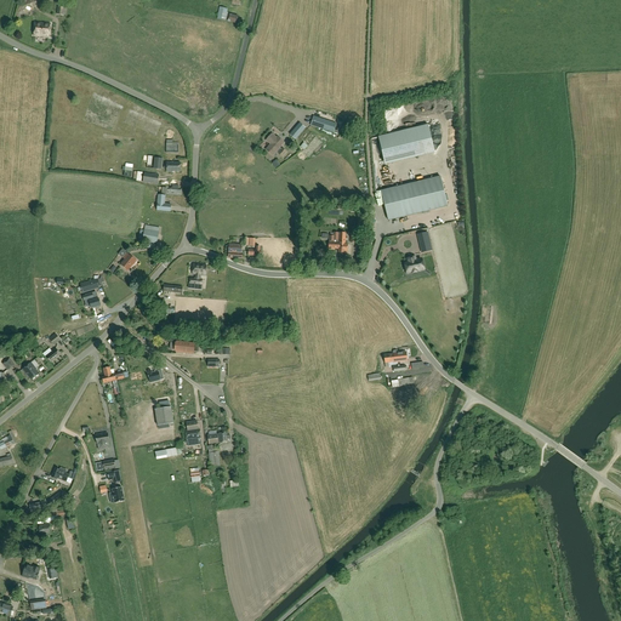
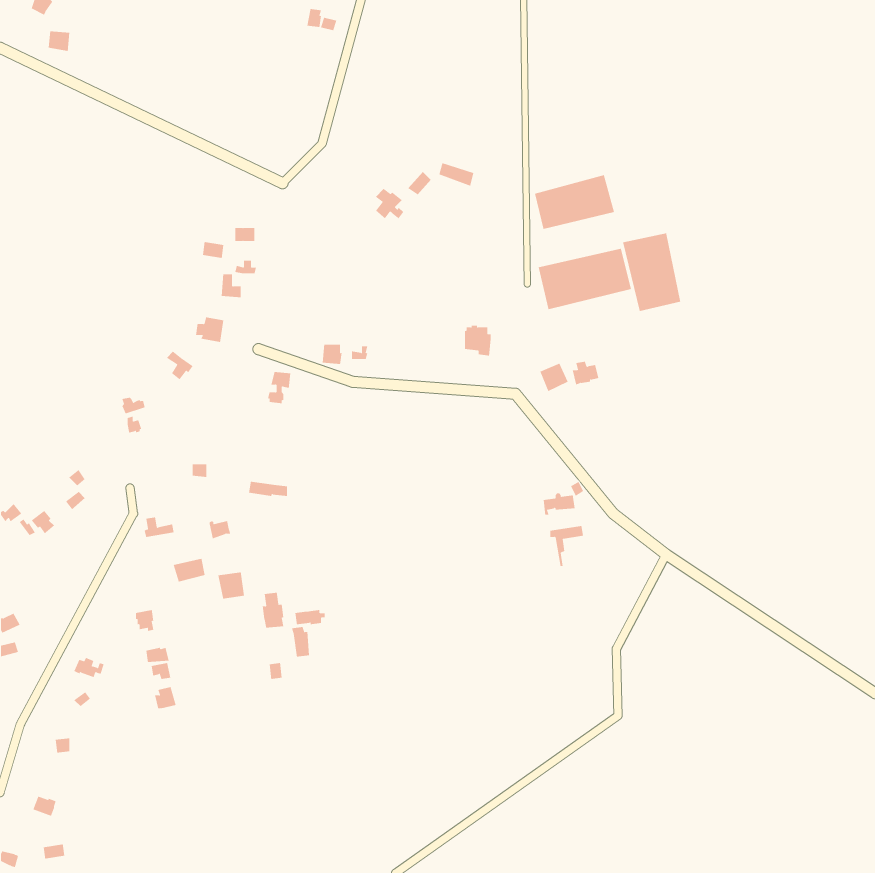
building: none -> [623,232,681,312]

